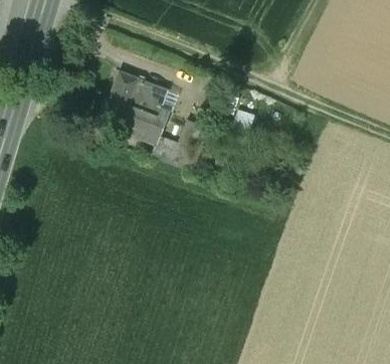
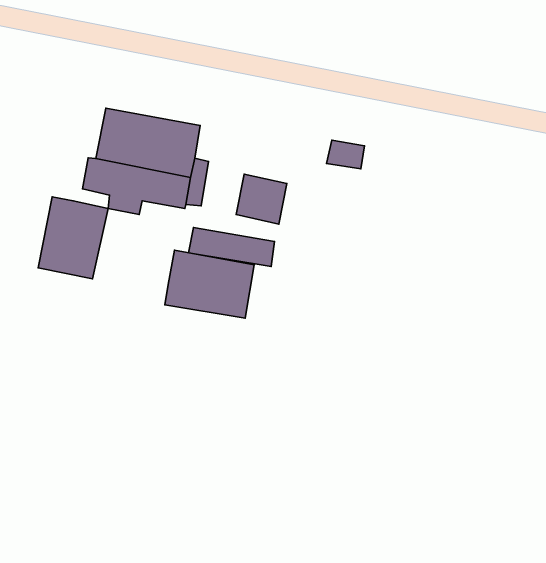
building: none -> [38,197,108,279]
building: none -> [165,250,254,318]

